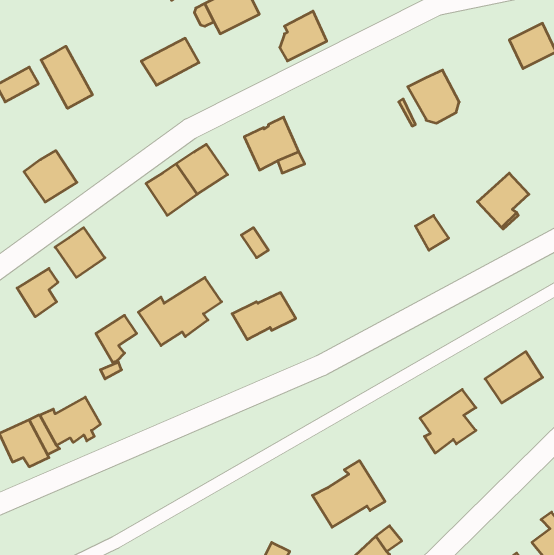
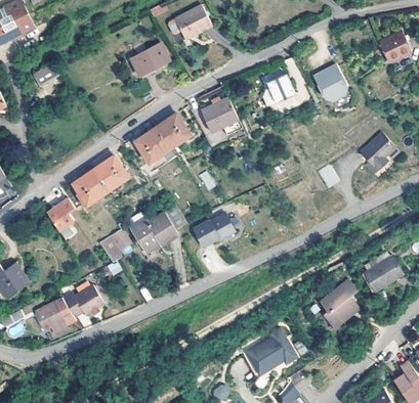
building: [280,11,327,61] -> [262,72,294,105]
building: [41,46,92,108] -> none
building: [24,151,77,202] -> [92,156,128,191]

